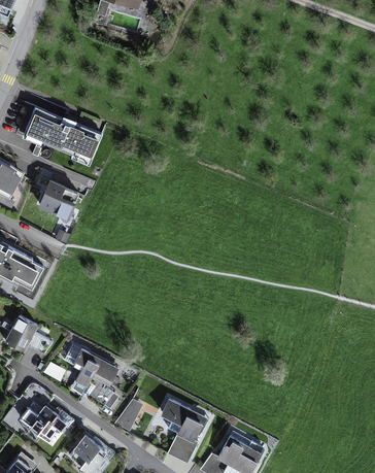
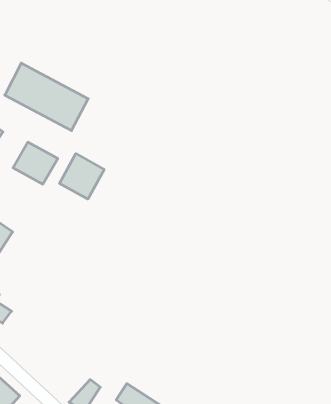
building: none -> [60,154,104,199]
building: [70,346,117,408] -> none

